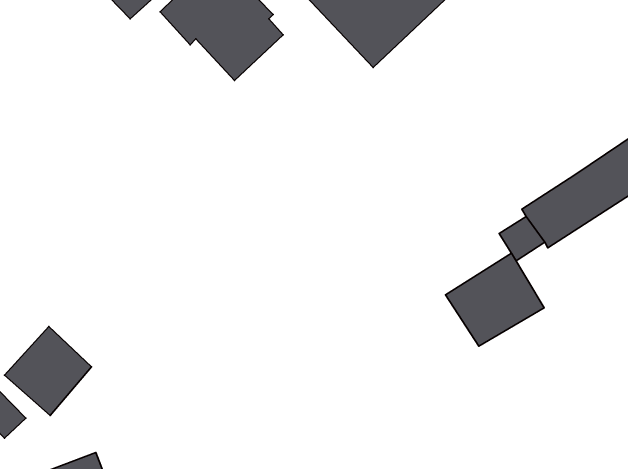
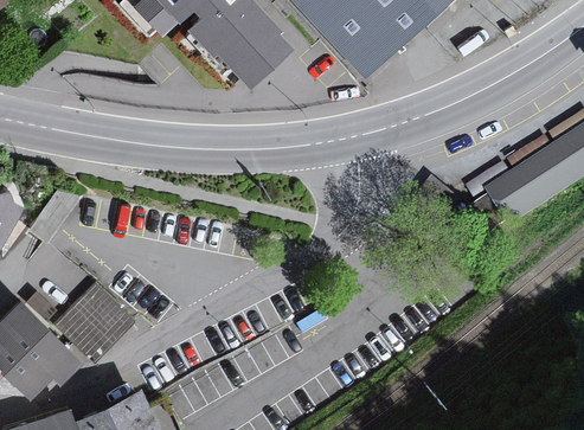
building: [445,253,544,346] -> none

